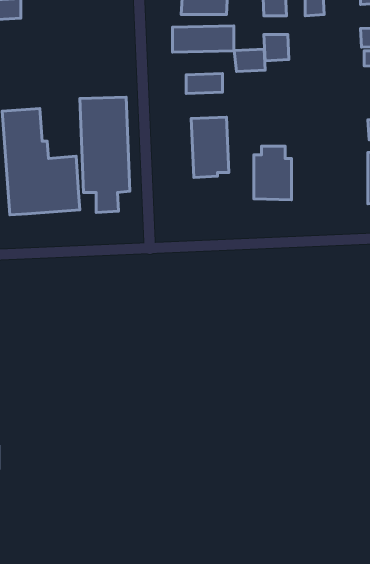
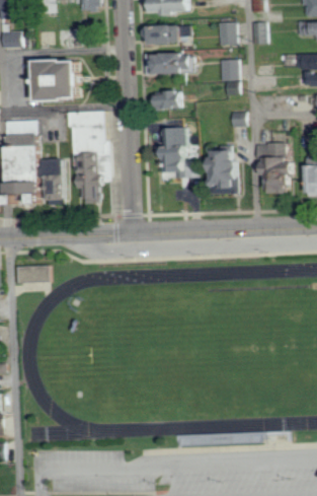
building: none -> [31,59,85,99]
building: [234,49,265,71] -> none
building: none -> [252,142,289,193]
building: none -> [11,266,48,282]

